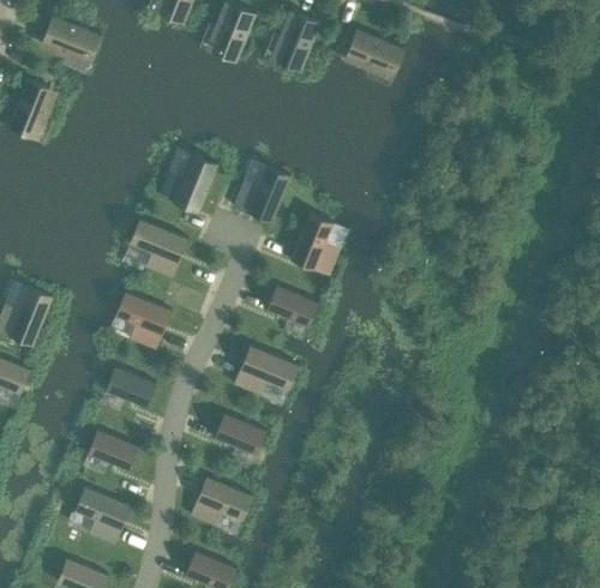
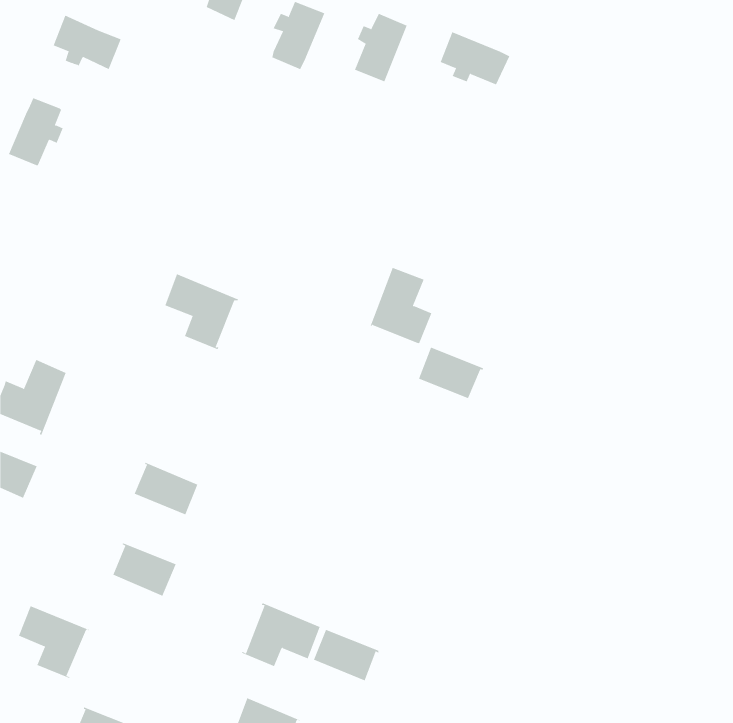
building: [158,155,216,211] -> none
building: [233,166,290,222] -> none
building: [266,286,318,326] -> [418,347,484,399]
building: [115,292,172,350] -> none
building: [233,346,299,395] -> none
building: [214,414,265,455] -> [313,629,379,681]
building: [74,487,131,545] -> [18,605,90,679]

